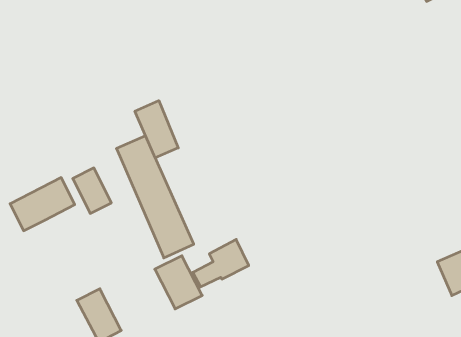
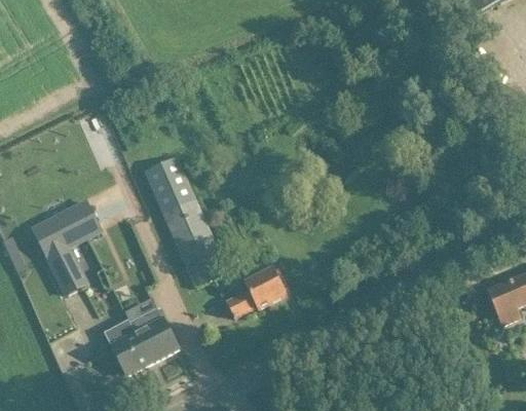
building: [135,101,178,158] -> none
building: [73,168,111,213] -> [46,246,87,294]
building: [155,256,202,309] -> [128,306,179,363]

